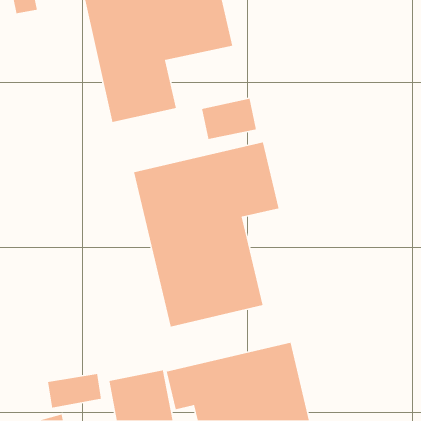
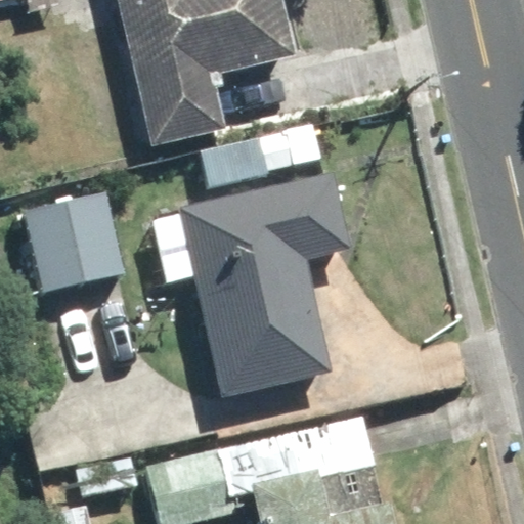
building: none -> [19,188,132,297]

